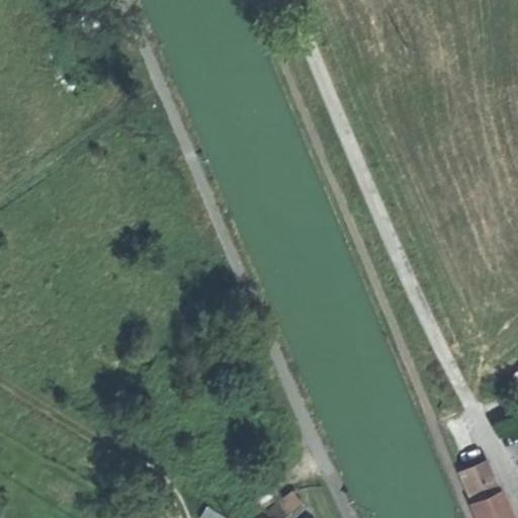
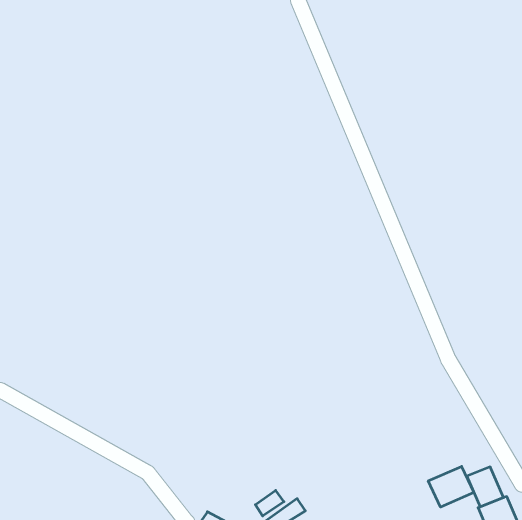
building: none -> [428,466,474,507]

